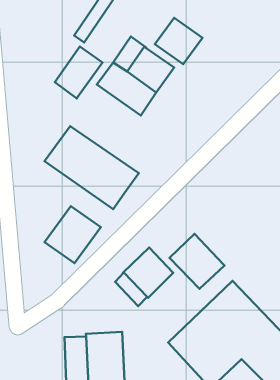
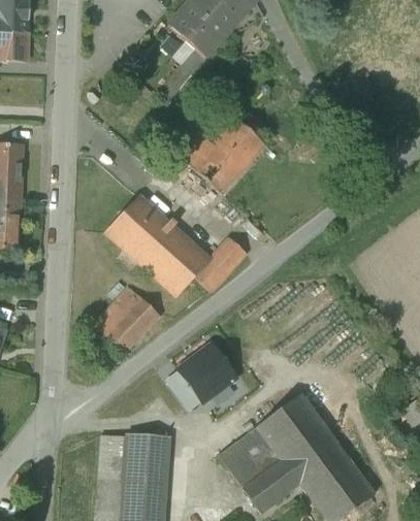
building: [155,18,203,64] -> none
building: [55,46,103,99] -> none
building: none -> [194,237,247,292]
building: [169,234,225,289] -> none

